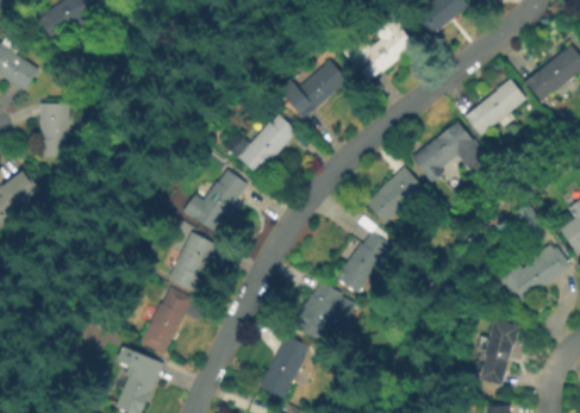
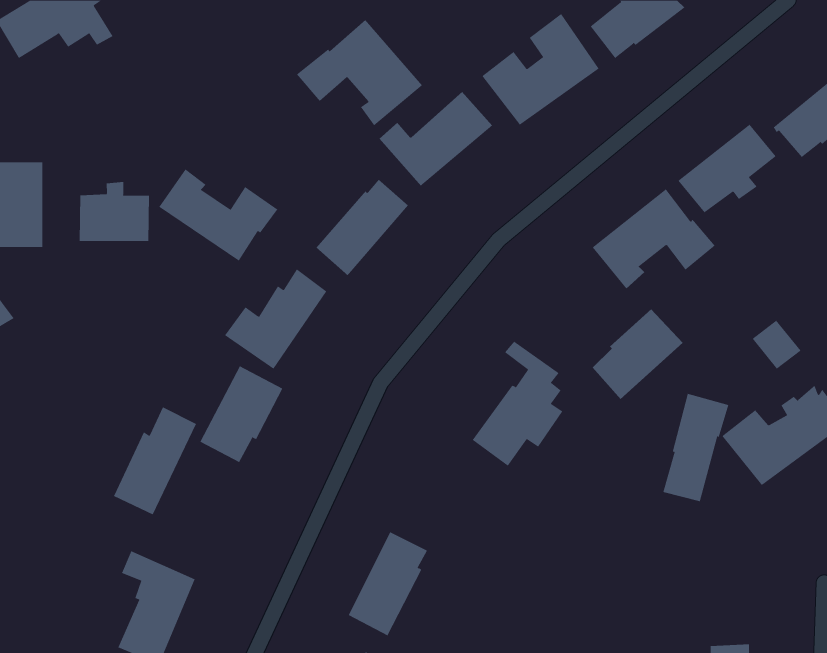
building: none -> [296,19,423,126]
building: none -> [159,169,278,262]
building: none -> [79,181,149,242]
building: [367,167,424,224] -> [592,309,683,400]
building: [293,281,355,339] -> none
building: [139,287,192,355] -> [113,407,197,515]
building: [478,319,519,387] -> [662,393,729,502]

